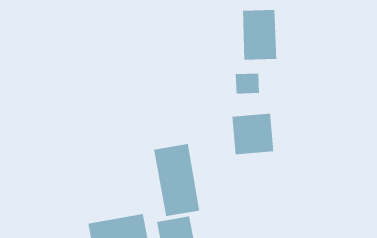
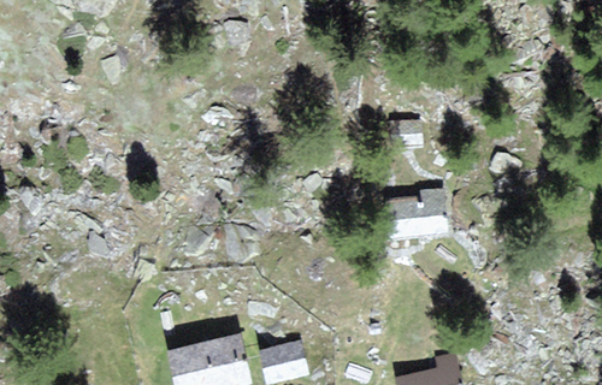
building: [242,9,277,61] -> none
building: [154,143,200,217] -> none

